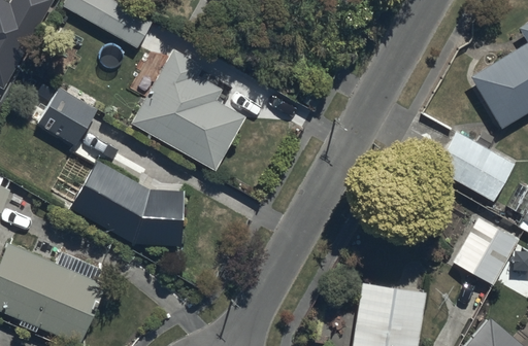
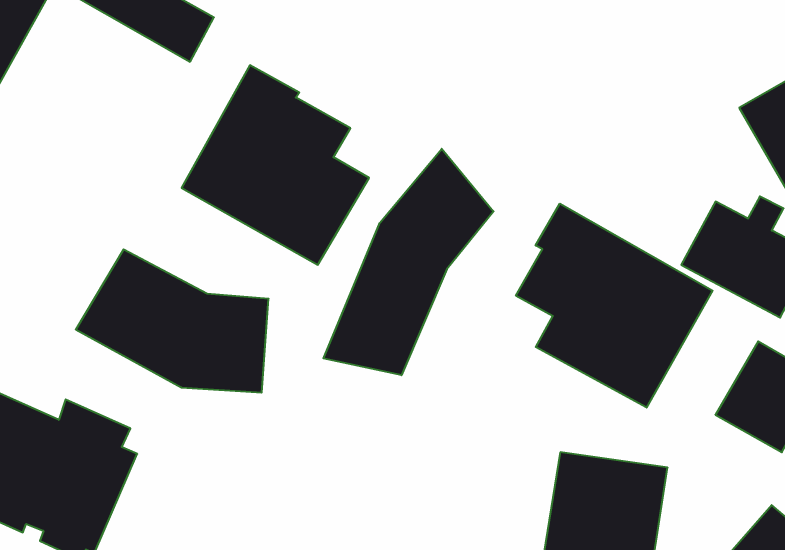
building: [37,86,97,146] -> none
building: none -> [323,149,494,375]
building: none -> [516,204,713,408]

